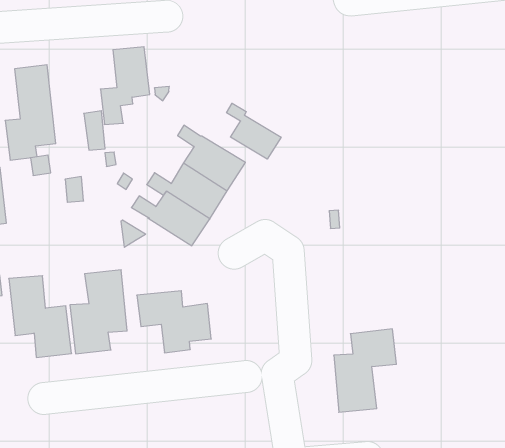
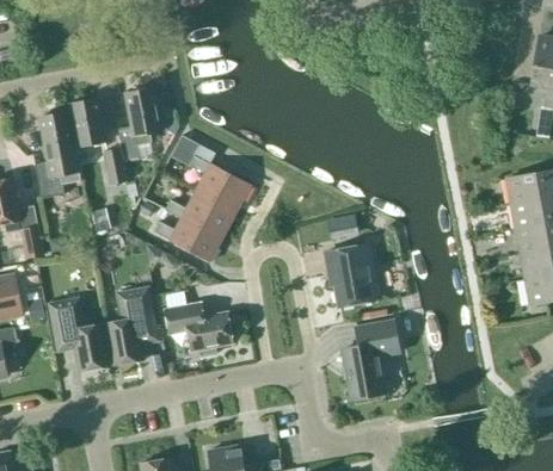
building: none -> [70,98,106,145]
building: [227,103,281,159] -> none
building: none -> [324,243,375,306]

